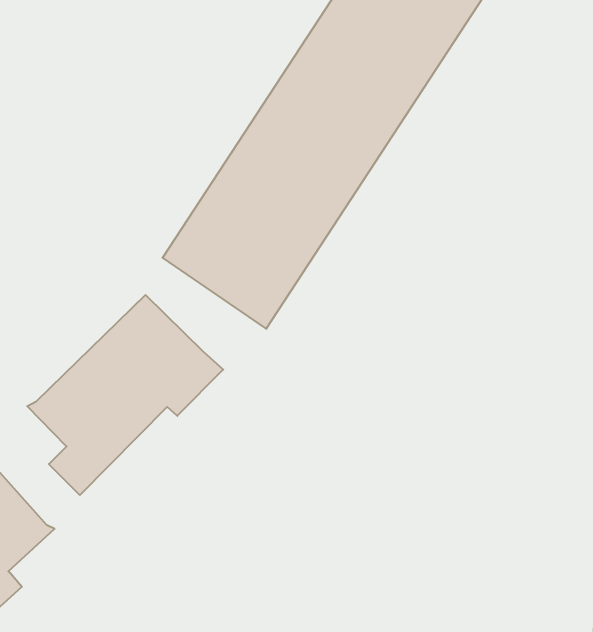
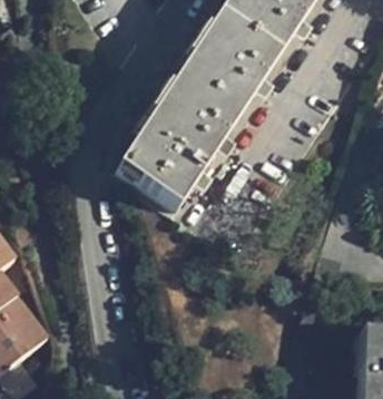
building: [27,295,223,495] -> none

